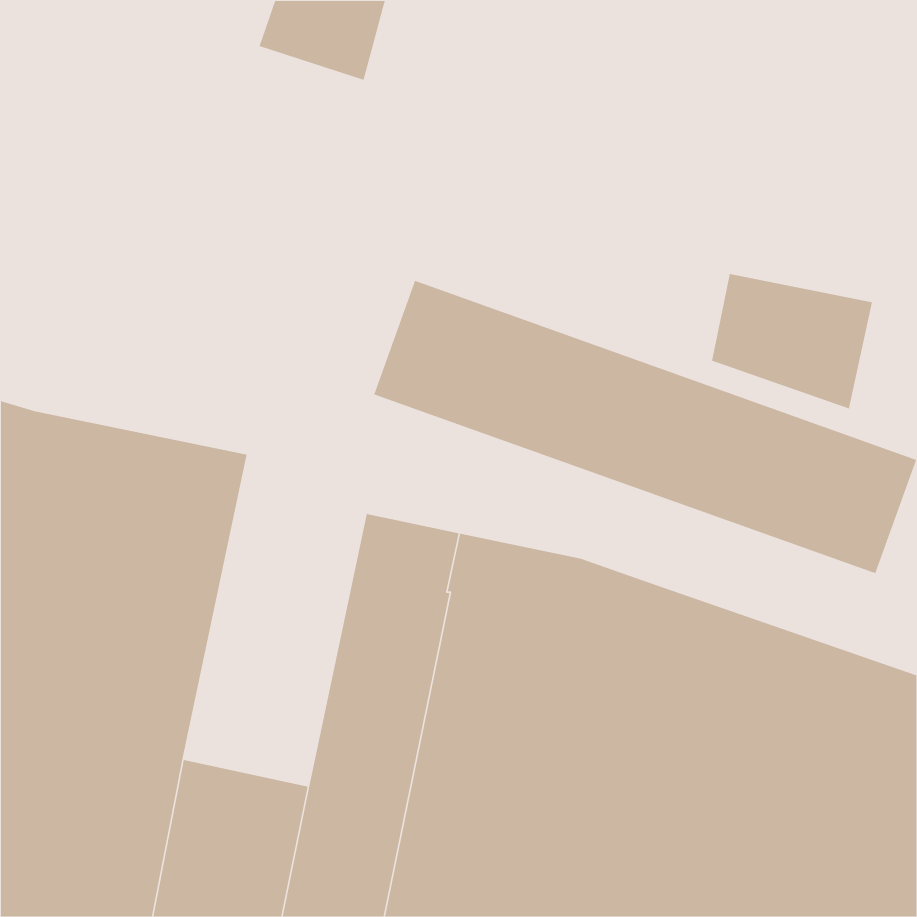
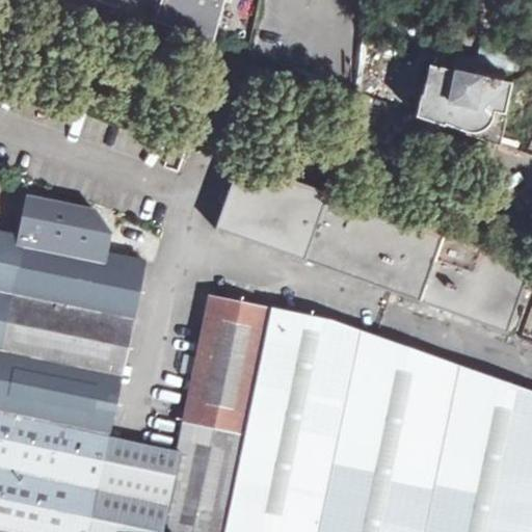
building: [711,273,873,410] -> [419,64,512,143]
building: none -> [21,196,109,255]

